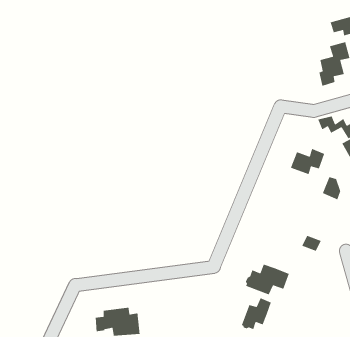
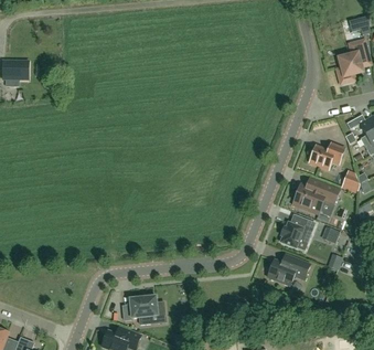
building: none -> [295,178,340,211]
building: none -> [280,218,316,247]
building: [241,297,272,330] -> none

